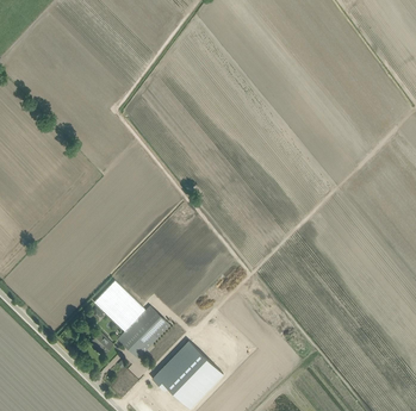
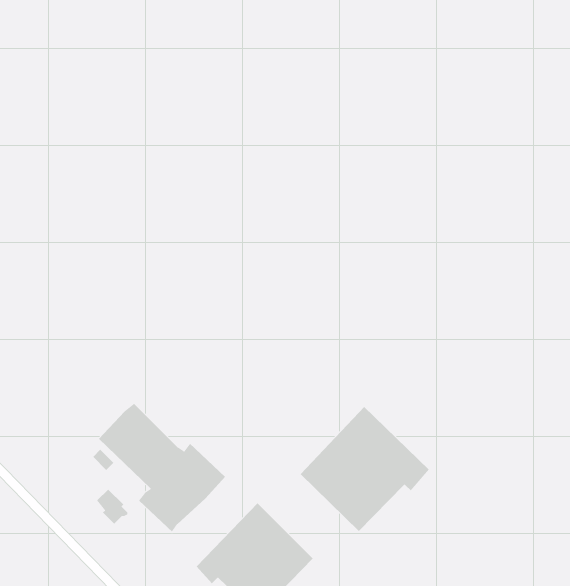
building: none -> [300,406,429,532]

